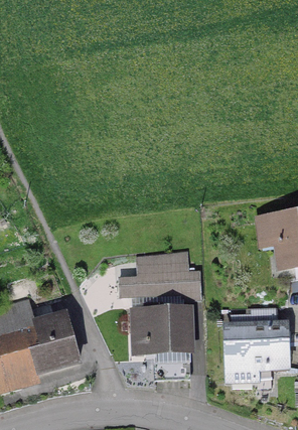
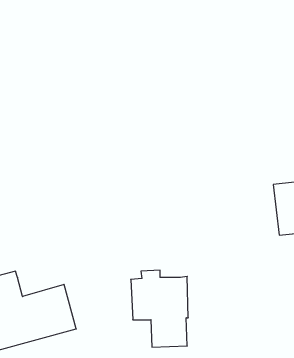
building: [118,252,200,299] -> none
building: [228,316,283,380] -> none

